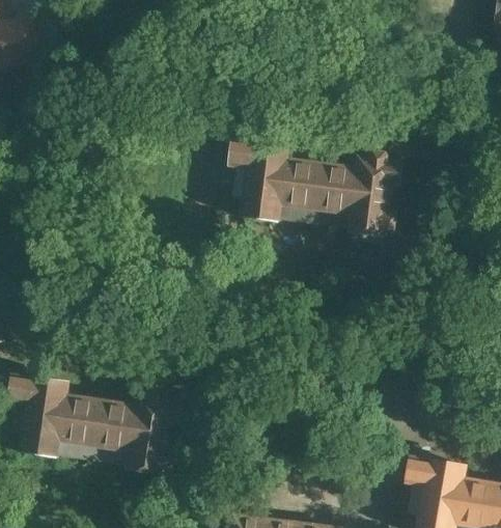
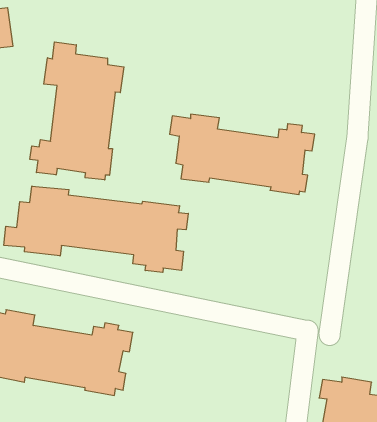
building: none -> [30,42,124,180]
building: none -> [4,186,188,272]

